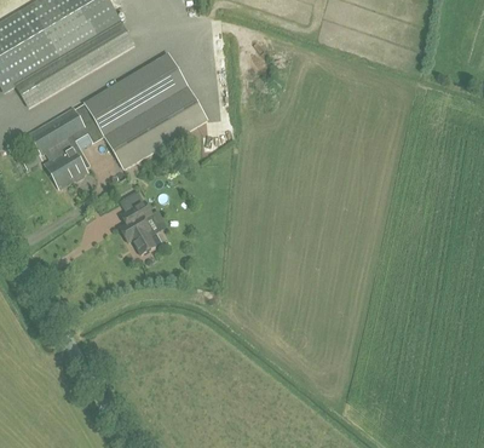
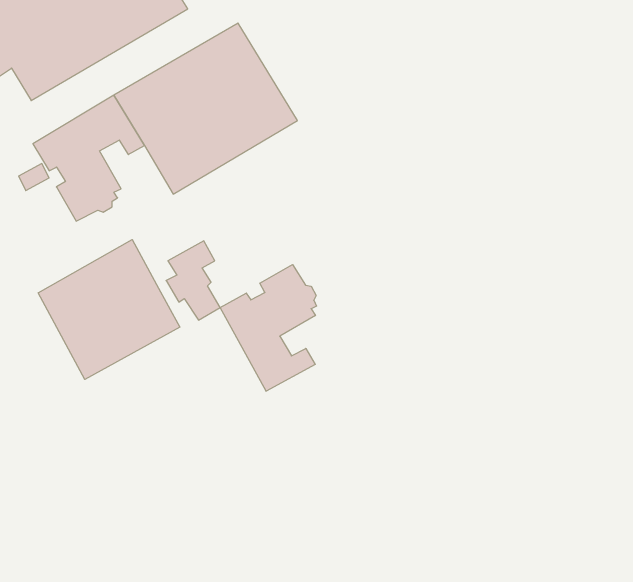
building: none -> [38,240,180,379]
building: none -> [220,265,317,391]

